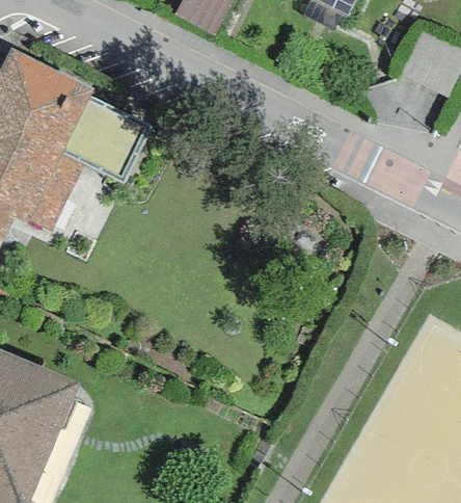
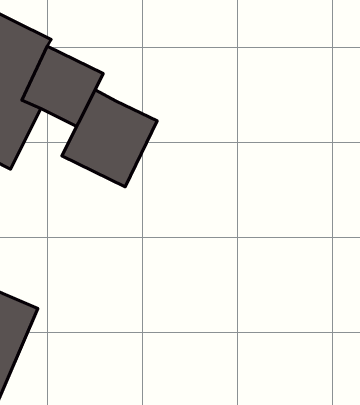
building: none -> [62,90,157,187]

